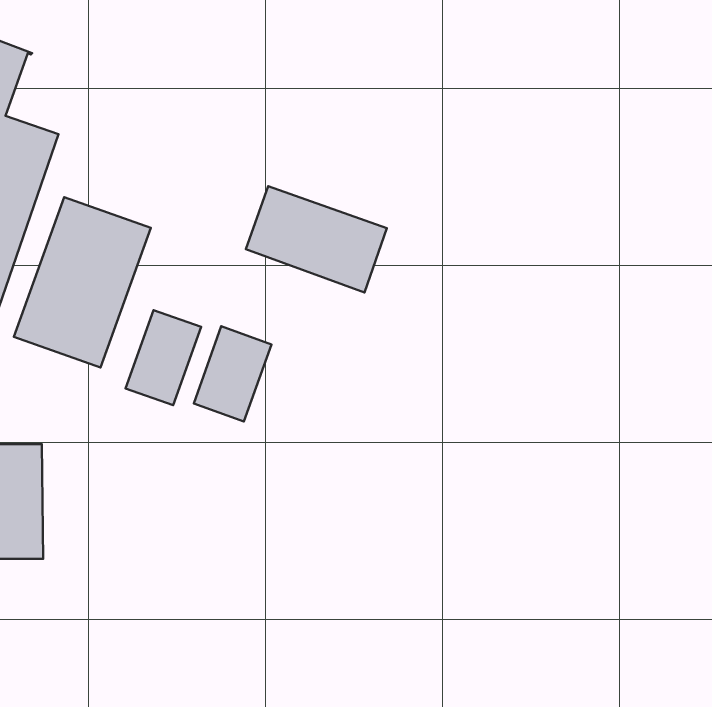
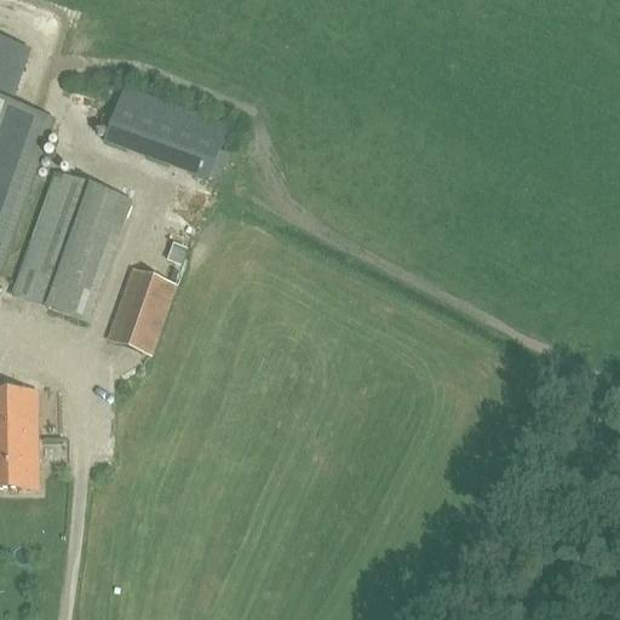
building: [246,186,387,292] -> [105,84,228,176]
building: [194,326,271,422] -> none

